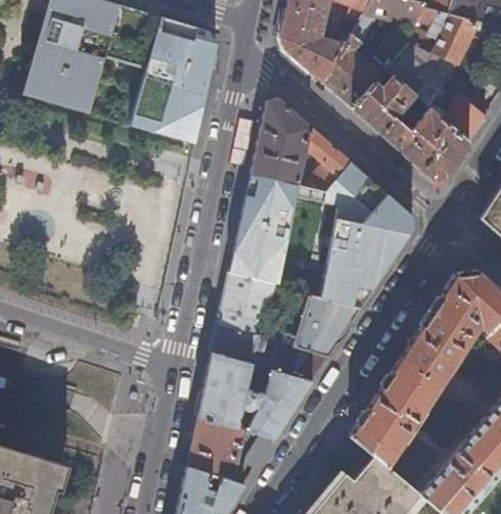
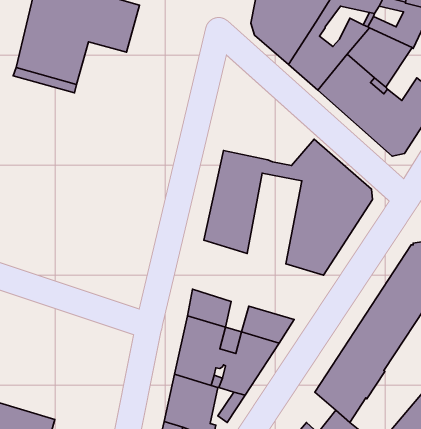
building: [129,17,218,143] -> none
building: [252,99,350,191] -> none
building: [218,272,277,339] -> none
building: [269,295,360,358] -> none

